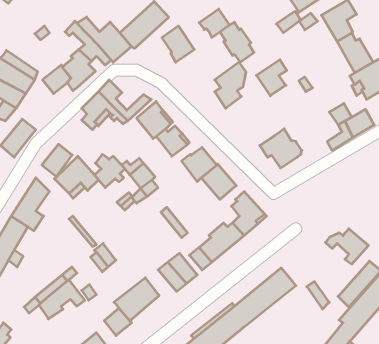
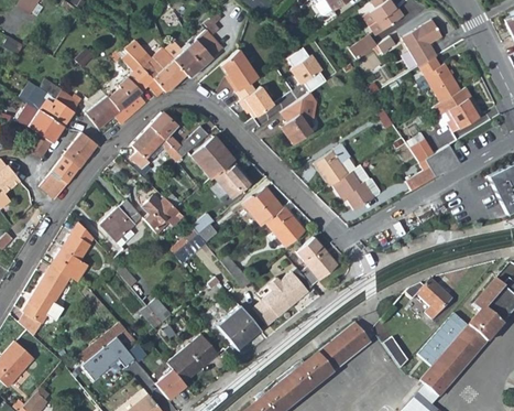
building: [199,9,229,37] -> [239,85,273,117]
building: [256,60,287,96] -> [315,145,349,186]
building: [42,144,72,177] -> [63,131,97,167]

